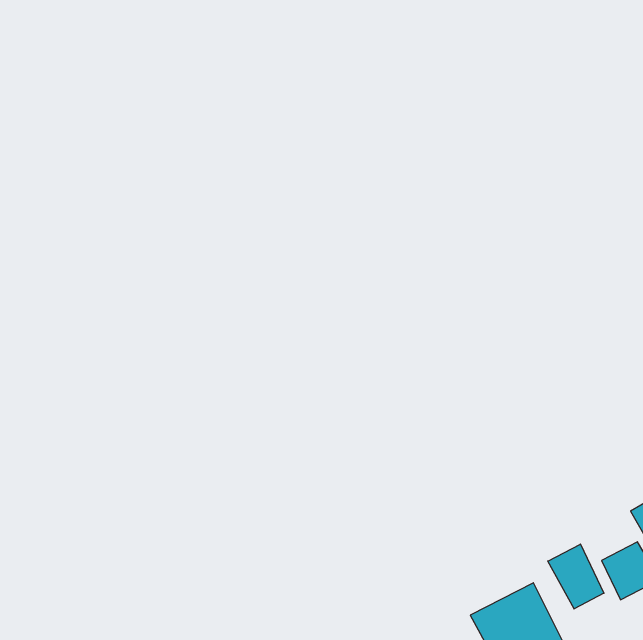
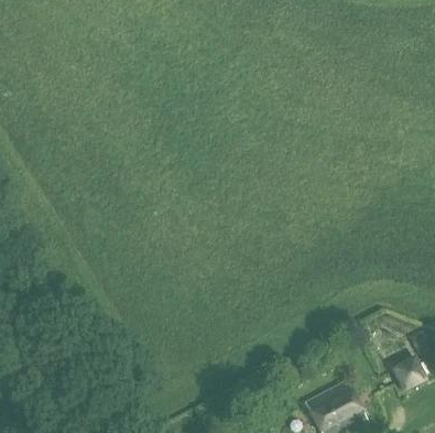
building: [548,544,604,609] -> none

